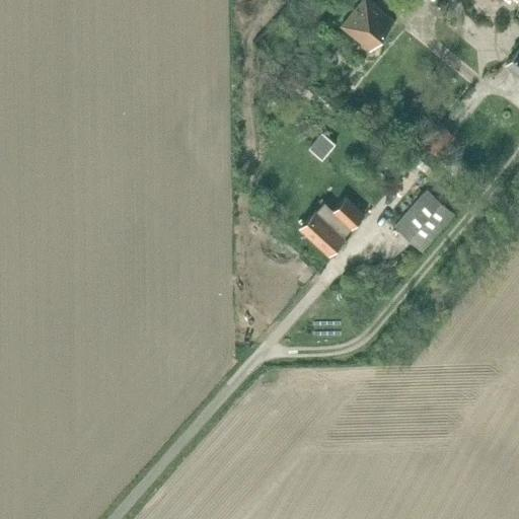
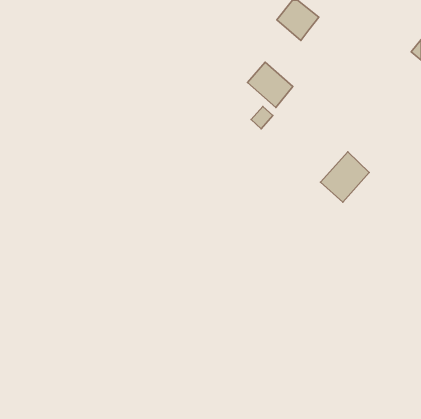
building: none -> [247,62,293,107]
building: [300,202,362,254] -> none

